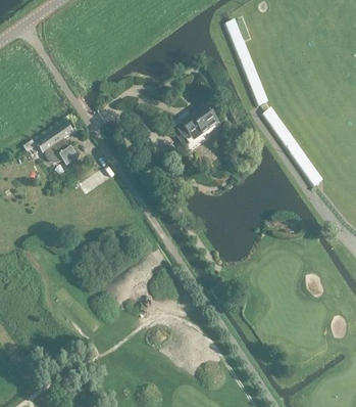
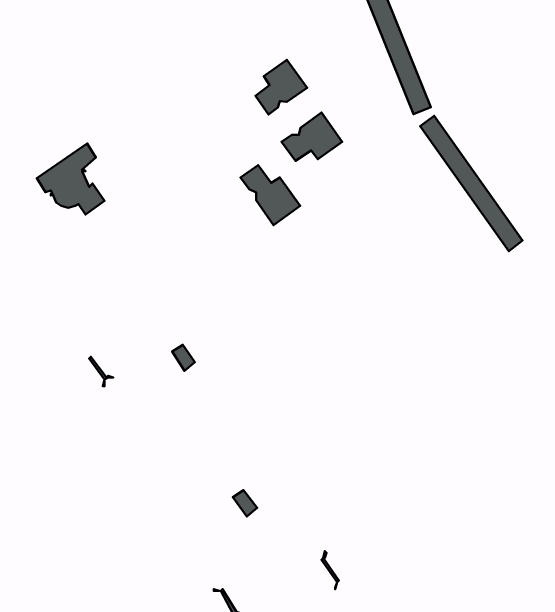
building: none -> [255,60,307,115]
building: none -> [240,165,300,225]

